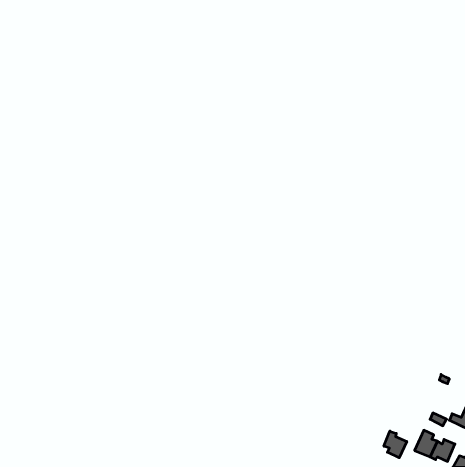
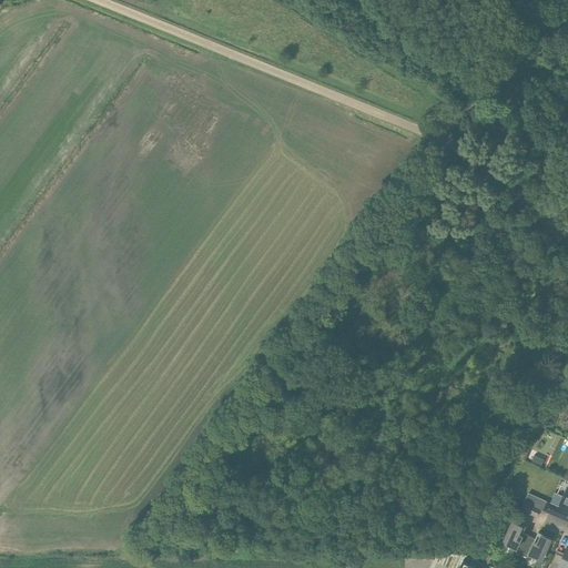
building: [384,431,407,458] -> none

